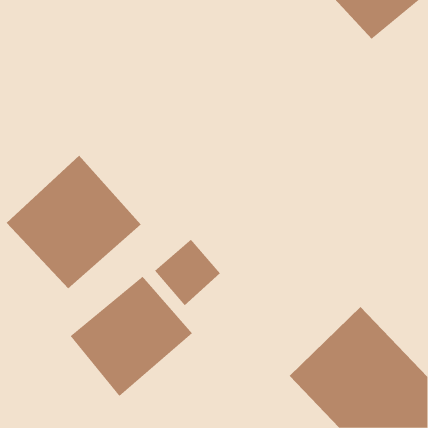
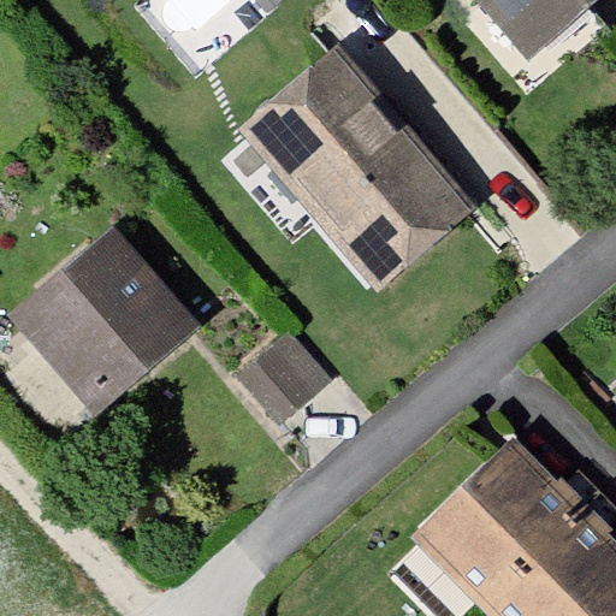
building: none -> [236,45,479,294]
building: [70,276,193,397] -> none

